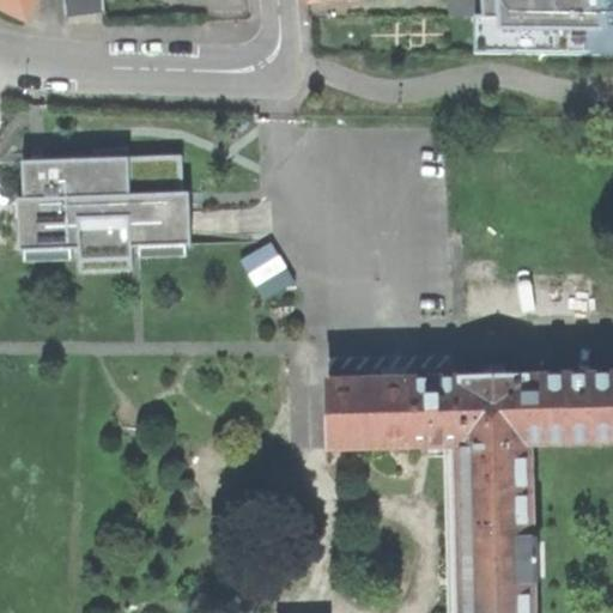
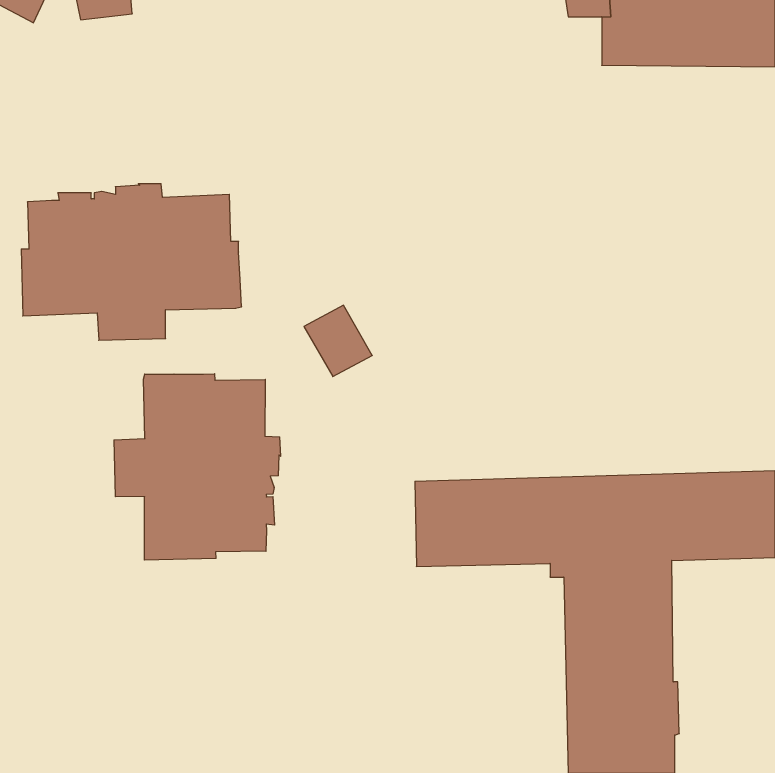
building: none -> [114,374,281,560]

